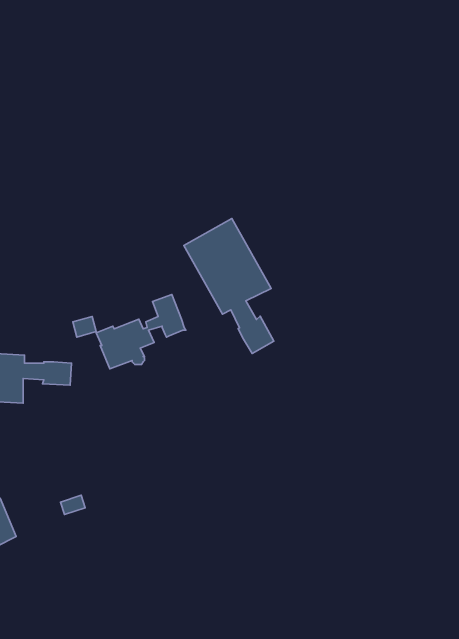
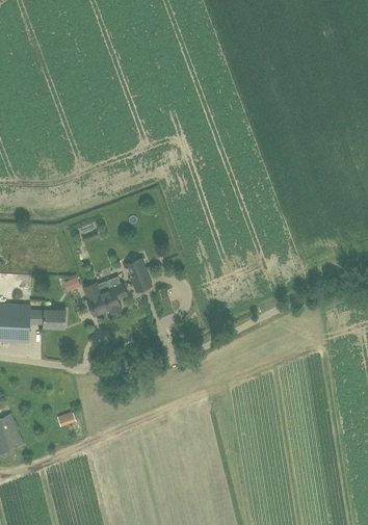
building: [184,219,274,354] -> none

